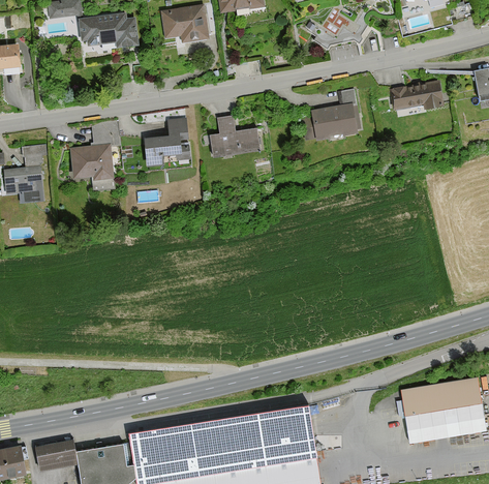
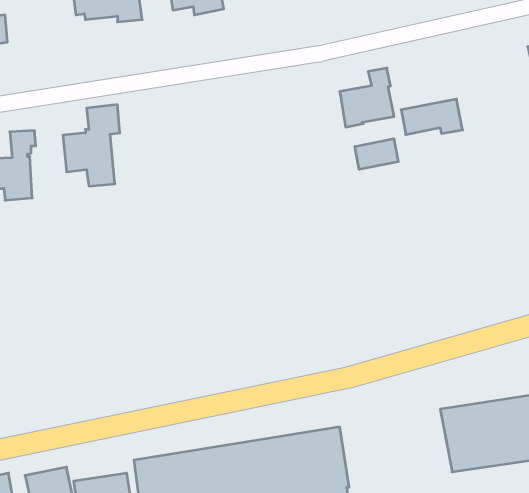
building: [392,80,446,111] -> [401,99,463,135]
building: [210,116,262,157] -> none
building: [145,118,190,168] -> none
building: none -> [355,139,398,169]

